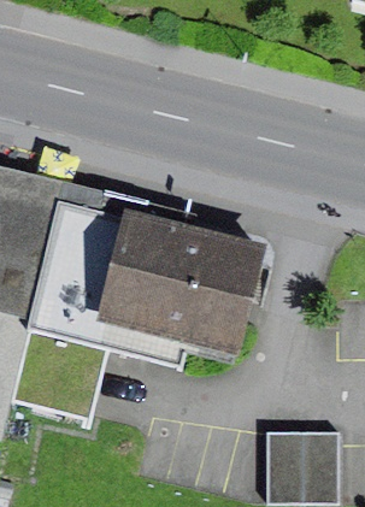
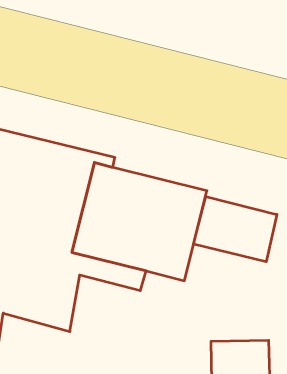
building: none -> [194,196,277,262]

